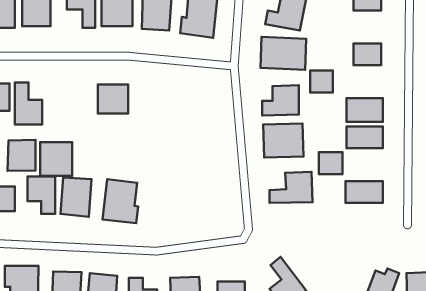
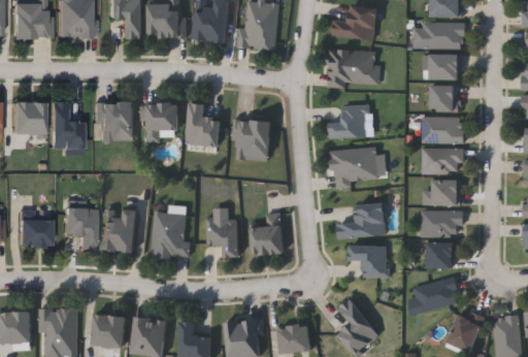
building: none -> [426,25,465,48]
building: [310,70,333,92] -> [433,88,459,112]
building: none -> [186,102,220,144]
building: none -> [233,118,270,160]
building: [8,140,35,171] -> none
building: [40,142,72,176] -> [96,101,132,139]
building: [319,152,343,174] -> [435,182,462,206]
building: none -> [250,213,283,254]
building: none -> [206,217,237,256]
building: none -> [350,244,386,274]
building: none -> [429,244,455,269]
building: none -> [417,279,461,313]

